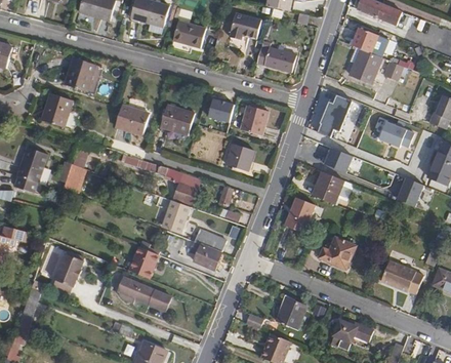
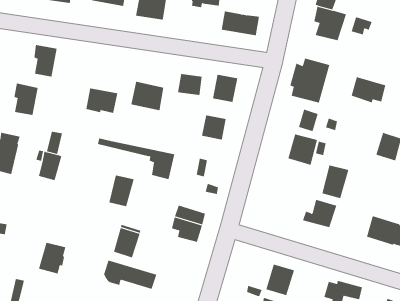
building: [284,196,314,231] -> [322,165,349,199]
building: [162,199,190,232] -> [109,175,134,207]

